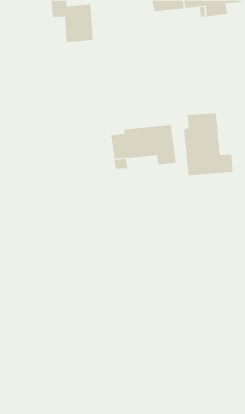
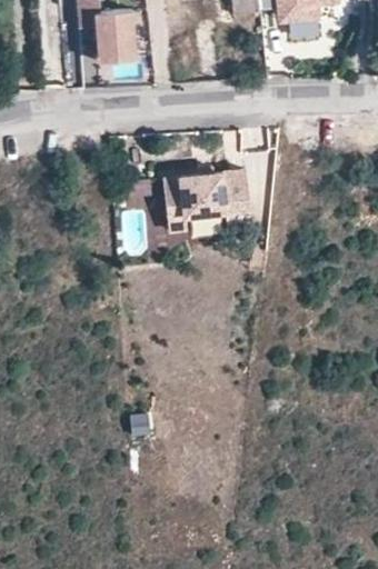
building: [183,112,233,176] -> none

